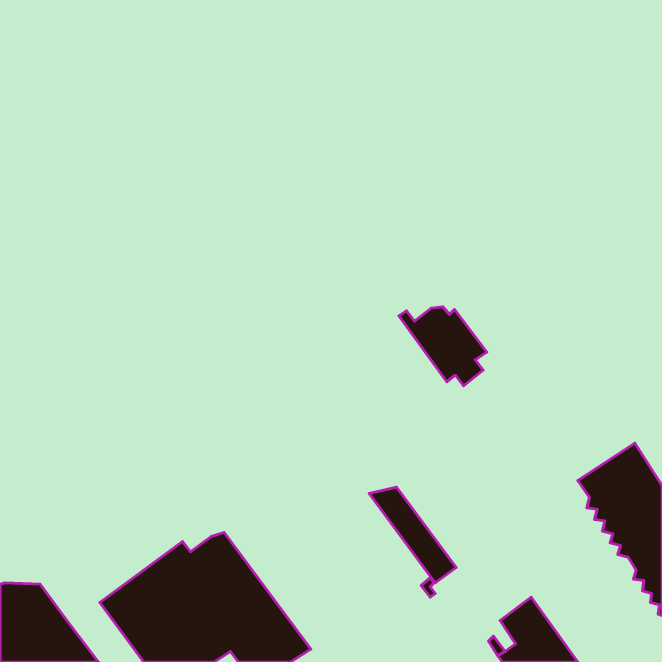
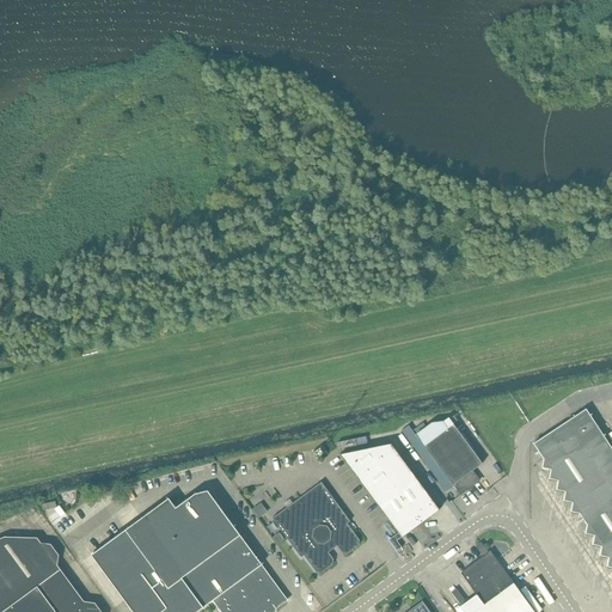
building: [399,307,487,386] -> [402,422,483,495]
building: none -> [366,445,440,524]
building: none -> [273,483,360,573]

